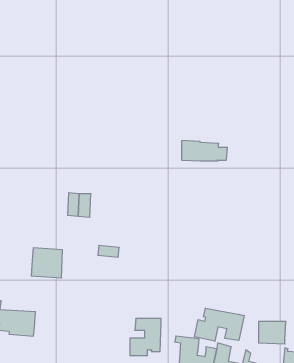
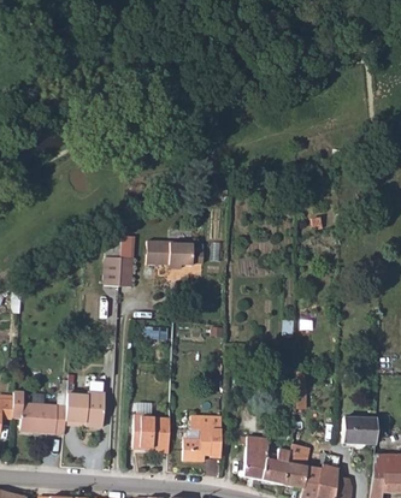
building: [182,141,227,161] -> [146,241,202,266]
building: [31,248,62,278] -> [65,390,104,427]
building: [194,308,244,341] -> none
building: none -> [132,415,170,453]

